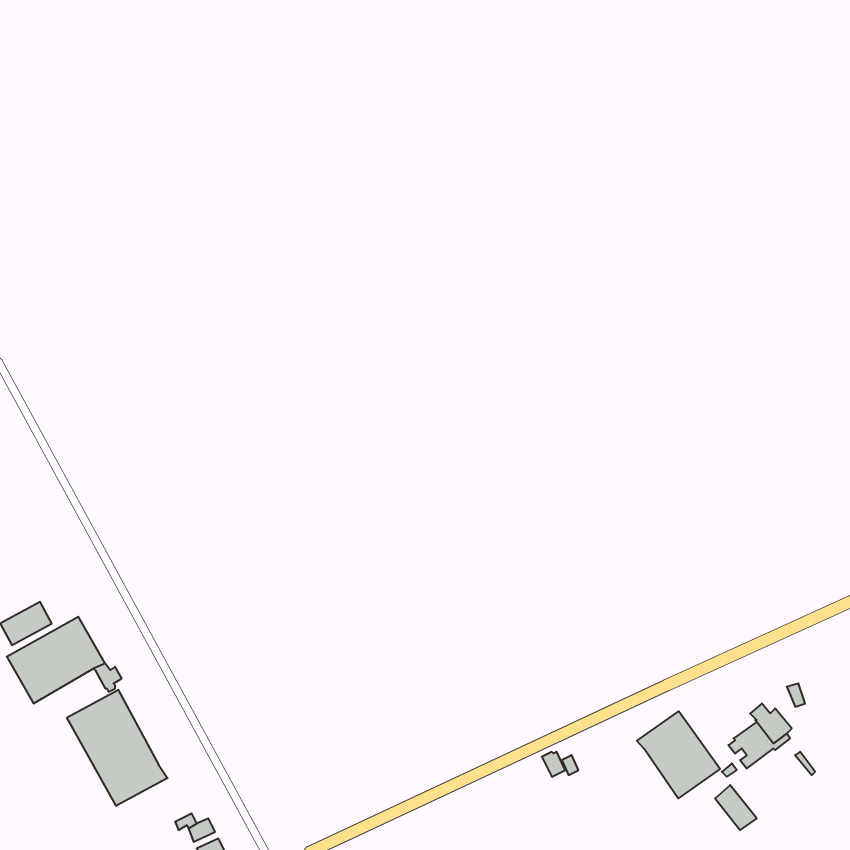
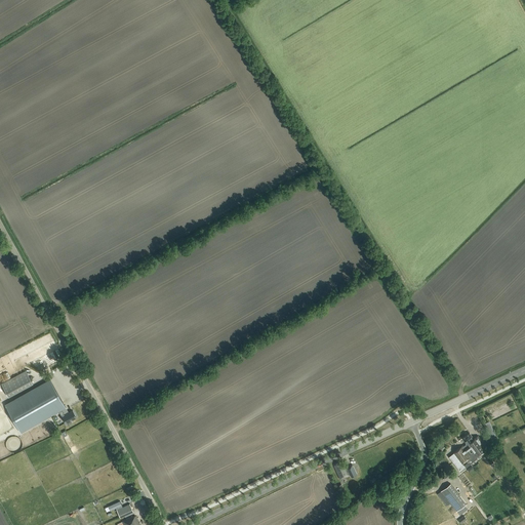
building: [67,690,168,806] -> none
building: [637,711,720,798] -> none

